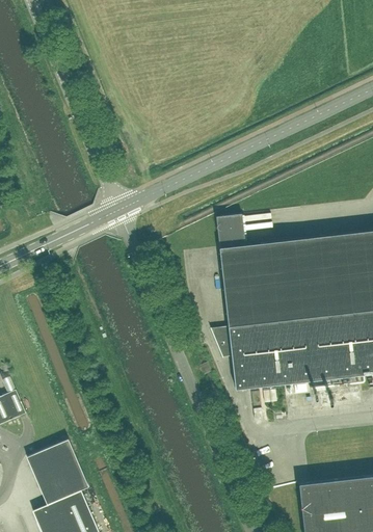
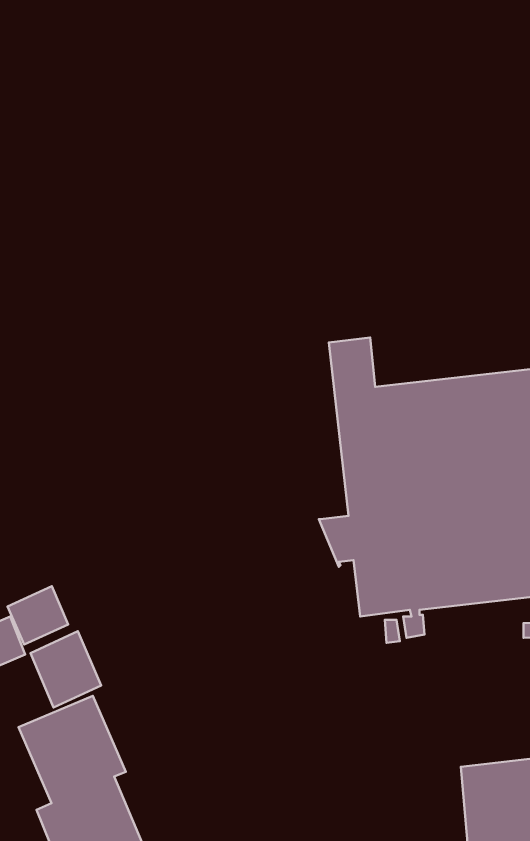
building: none -> [8,586,68,645]
building: none -> [30,631,101,707]

